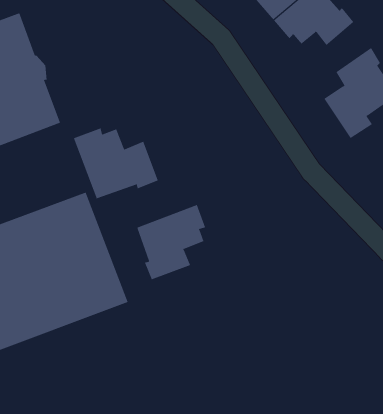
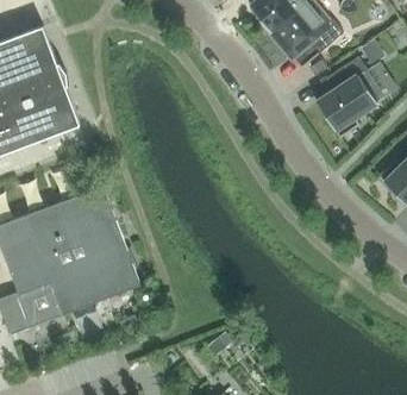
building: [73,127,159,200] -> none
building: [136,204,206,280] -> none

